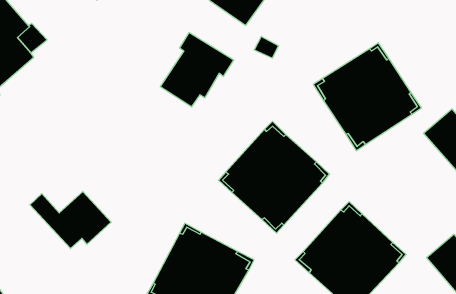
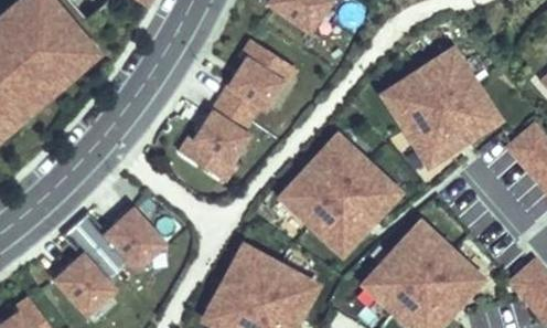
building: none -> [176,96,250,180]
building: none -> [56,224,119,313]

